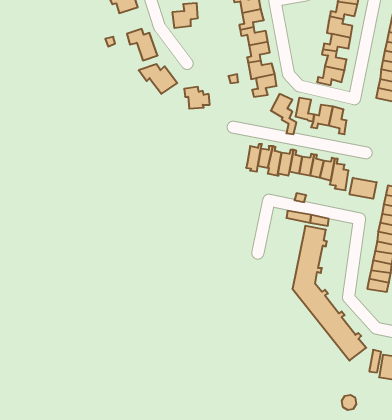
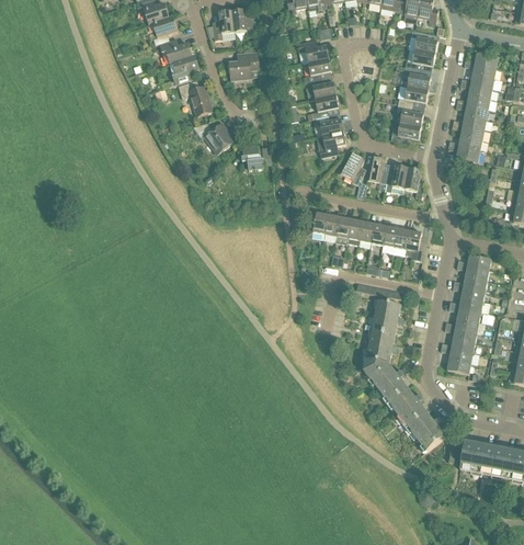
building: none -> [161,54,198,86]
building: [350,178,377,199] -> none

